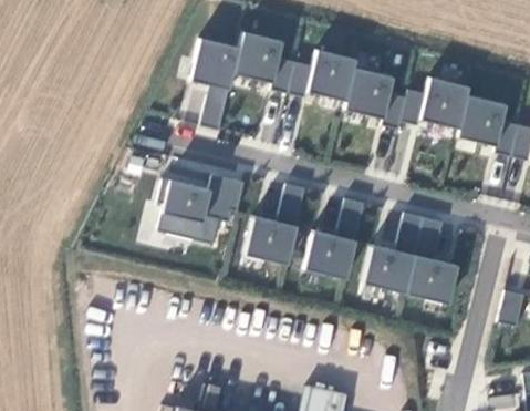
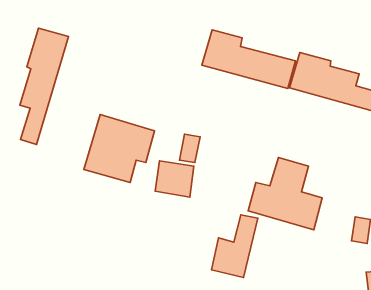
building: [181,31,313,140] -> none
building: none -> [20,28,69,144]
building: [308,198,367,279] -> [212,215,258,278]

